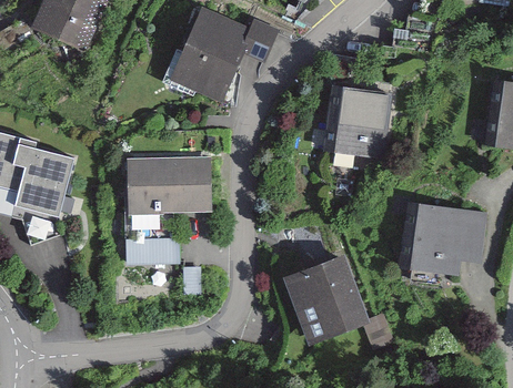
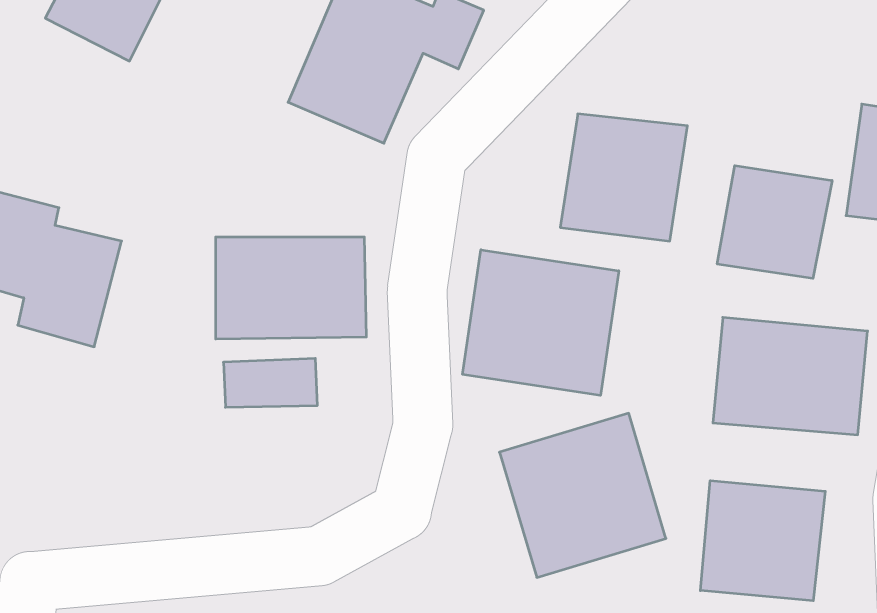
building: none -> [717,166,832,278]
building: none -> [463,250,619,395]
building: none -> [700,481,825,601]

